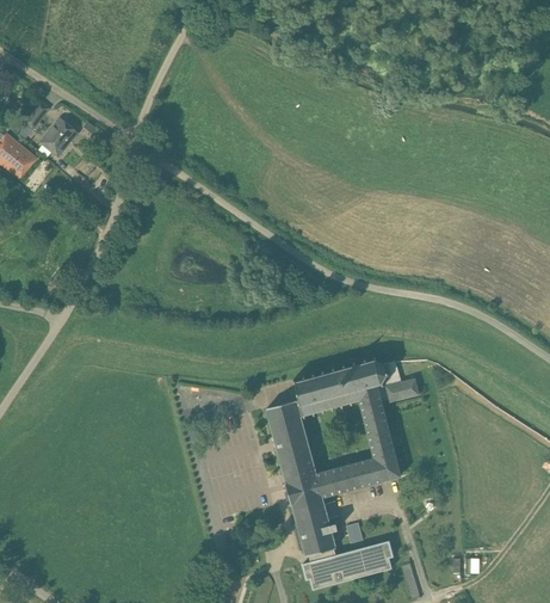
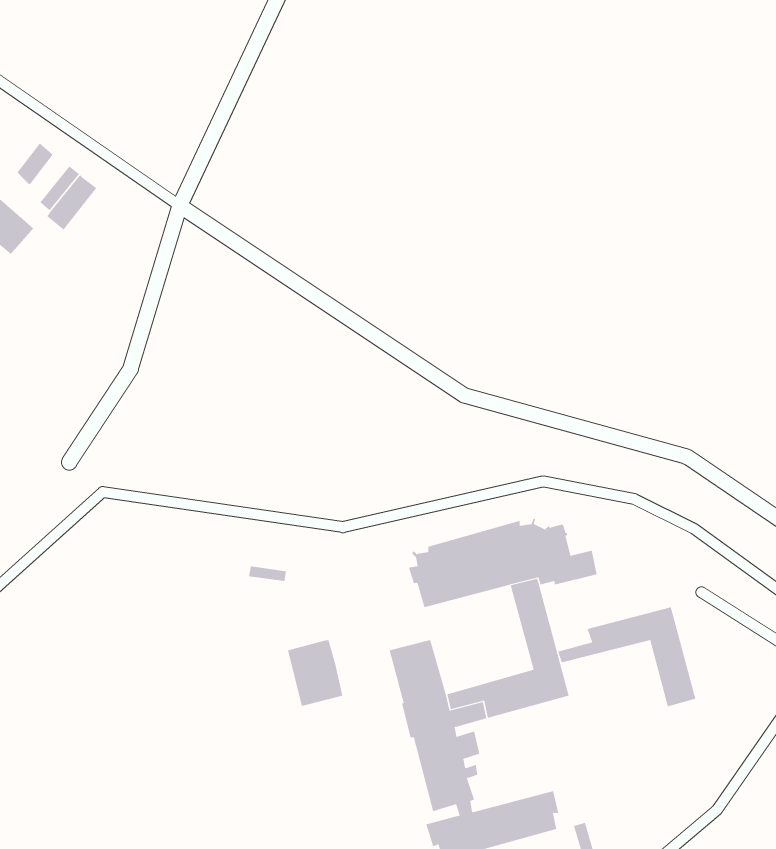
building: [267,400,305,445] -> [287,640,343,706]
building: none -> [558,606,696,707]

